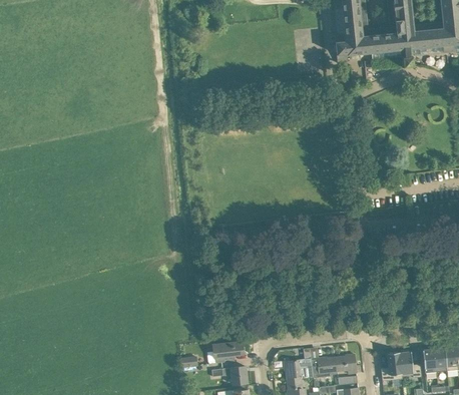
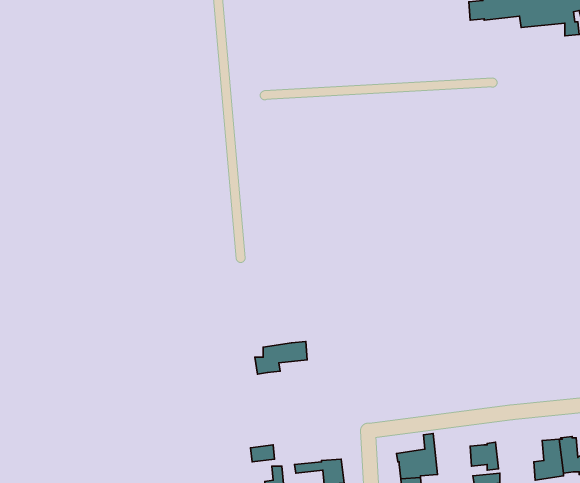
building: [206,341,244,364] -> [255,341,307,374]
building: [311,357,337,377] -> none

